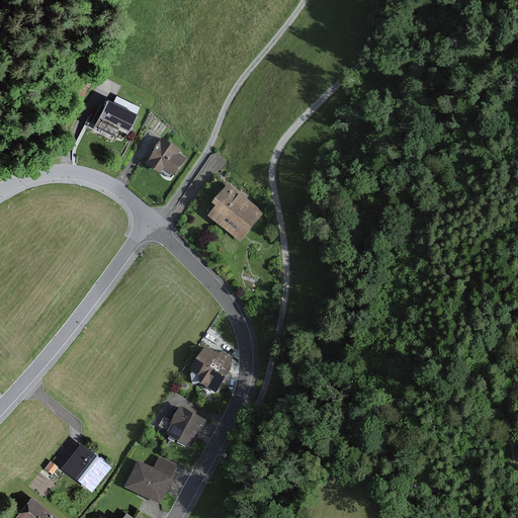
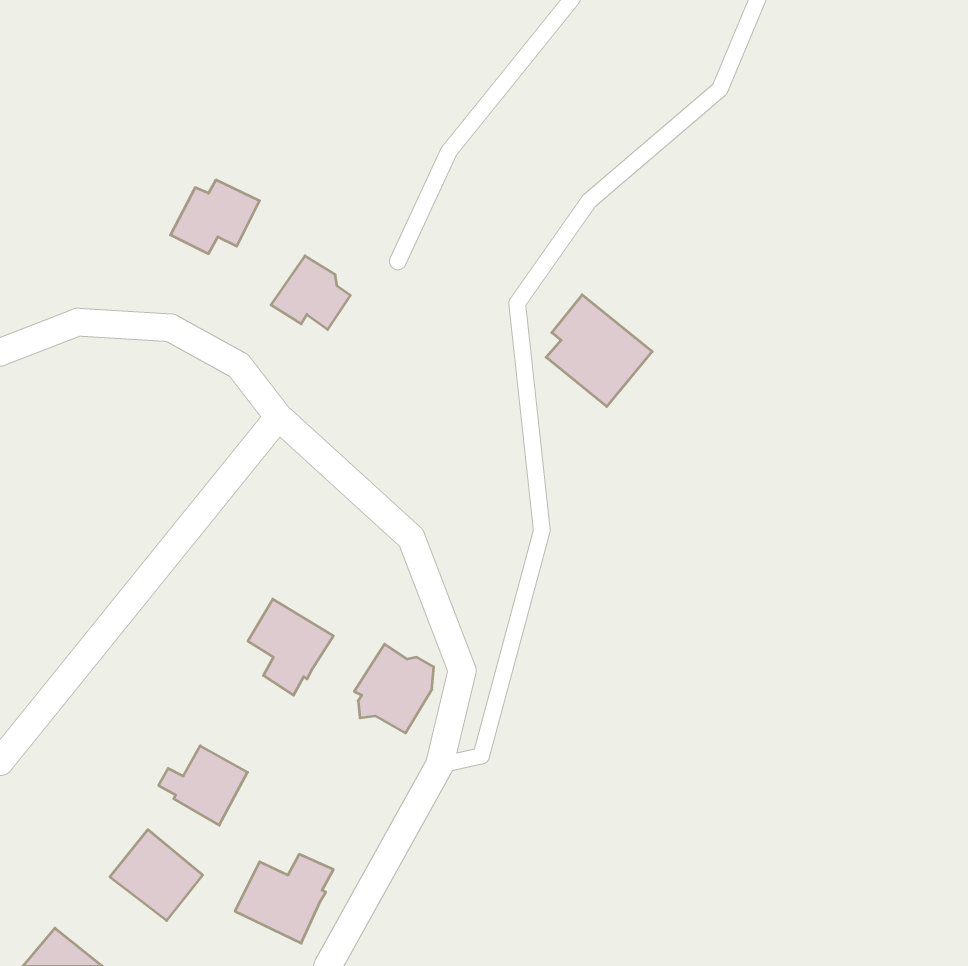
building: [208,181,265,241] -> [546,295,652,407]
building: none -> [248,599,333,695]
building: [159,405,206,447] -> [159,746,248,825]

